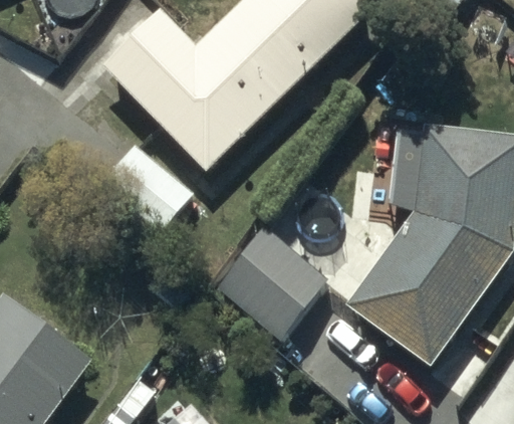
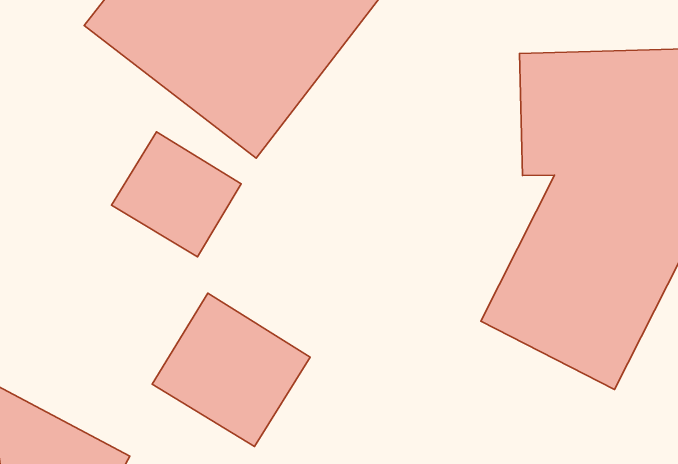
building: [215,228,326,339] -> [152,293,310,447]

